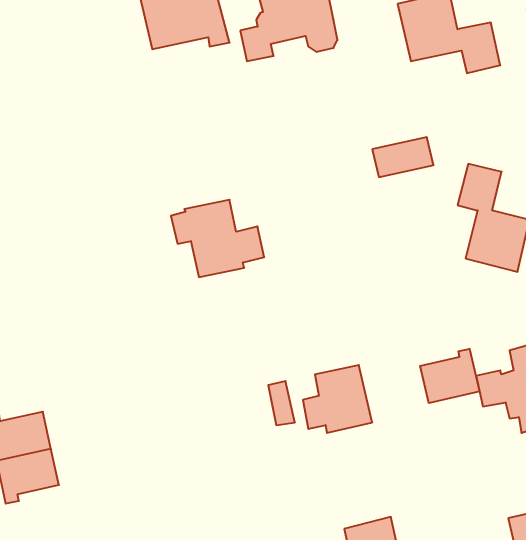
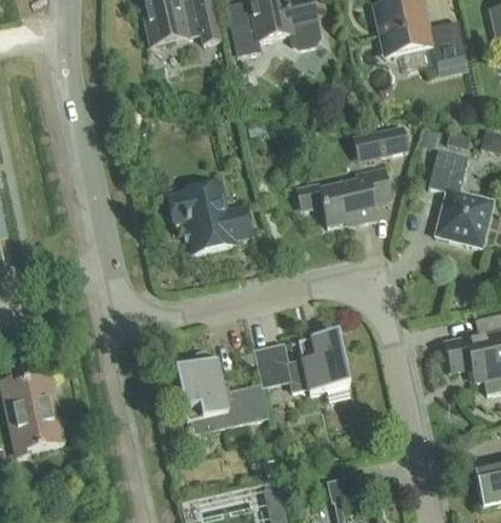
building: none -> [296,167,391,225]
building: [420,349,480,403] -> none
building: none -> [175,351,267,432]

